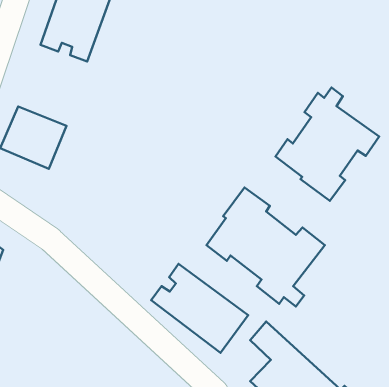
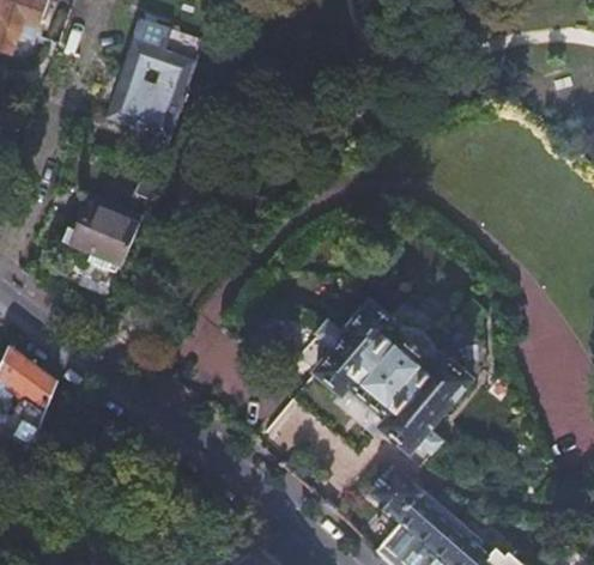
building: [275,88,379,201] -> none
building: [151,264,248,353] -> none

